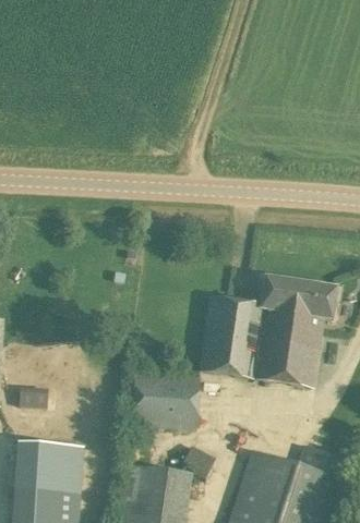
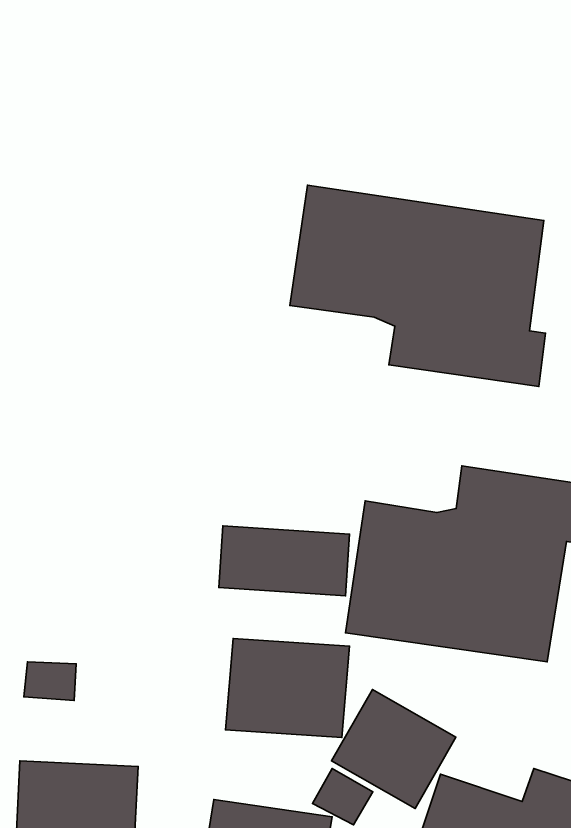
building: none -> [290,185,545,387]
building: none -> [219,526,349,596]
building: none -> [332,689,456,808]

